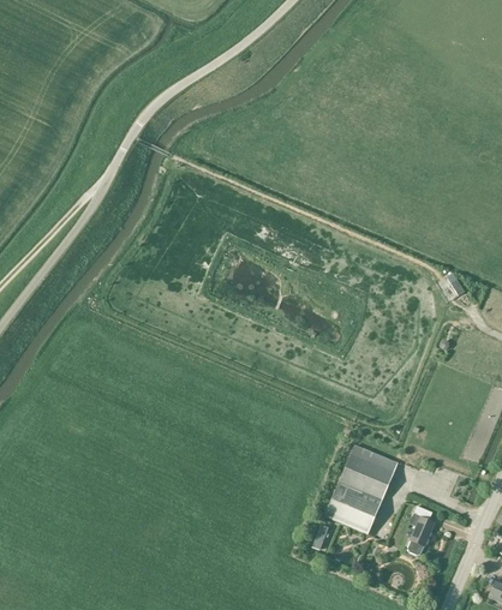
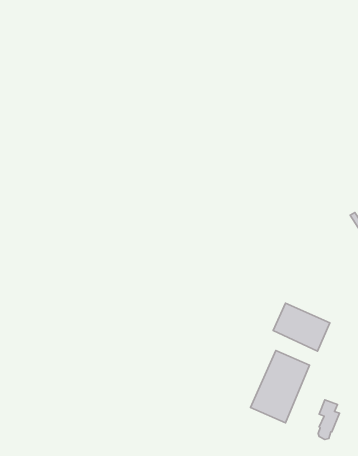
building: none -> [273,303,330,351]

